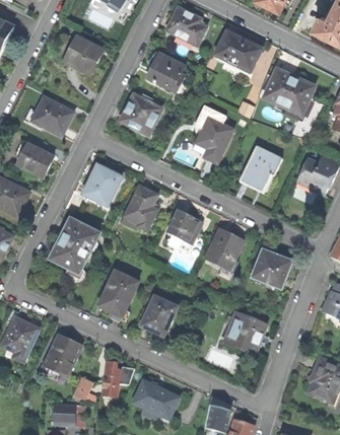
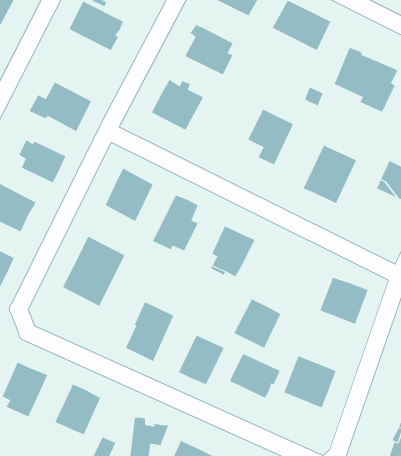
building: [205,229,243,269] -> [234,298,281,349]
building: none -> [229,353,280,399]

